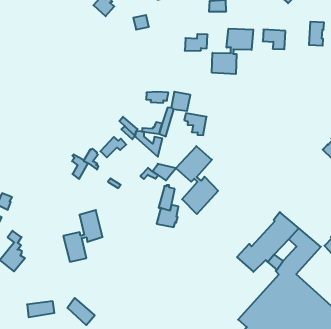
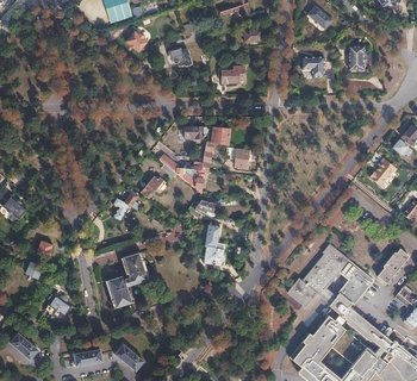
building: [212,29,253,74] -> none
building: [176,146,218,214] -> none

